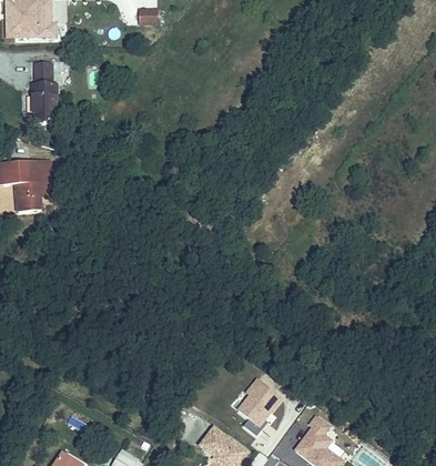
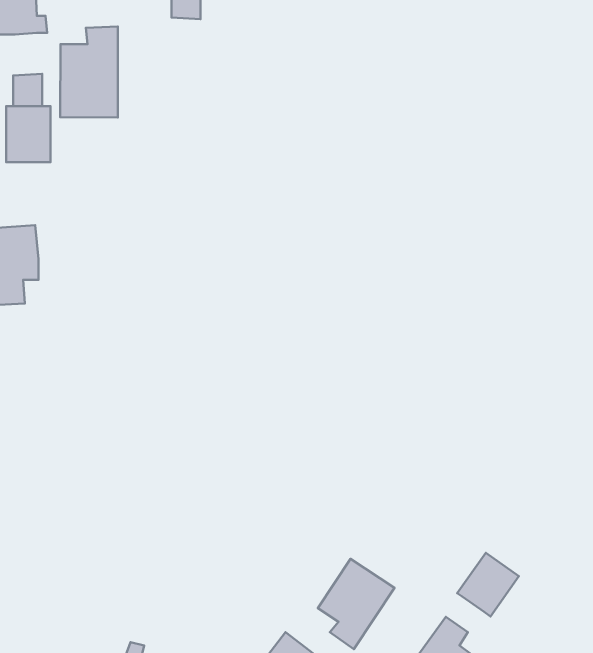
building: none -> [60,27,118,118]
building: none -> [457,553,519,616]

